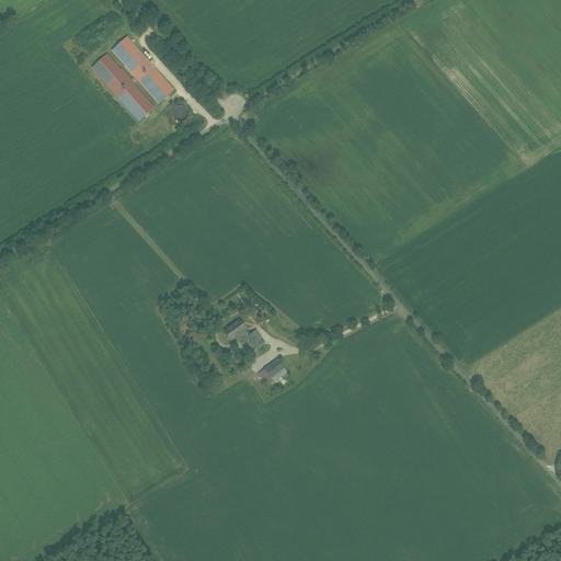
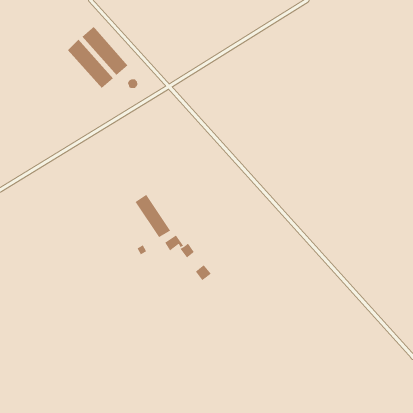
building: none -> [135,194,171,238]

